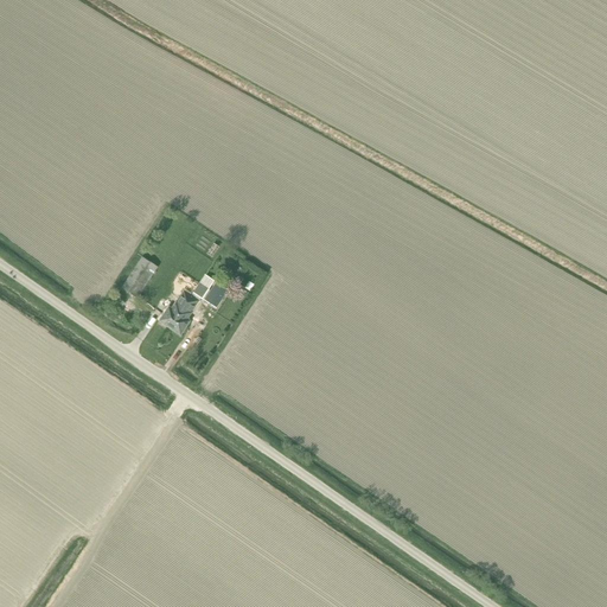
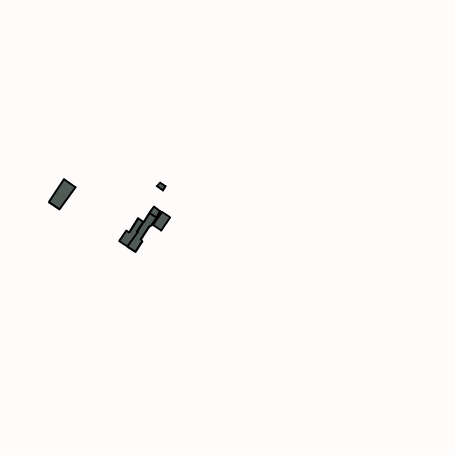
building: [122,257,158,298] -> [49,179,76,209]

